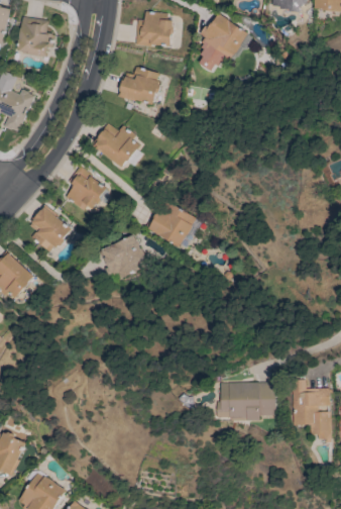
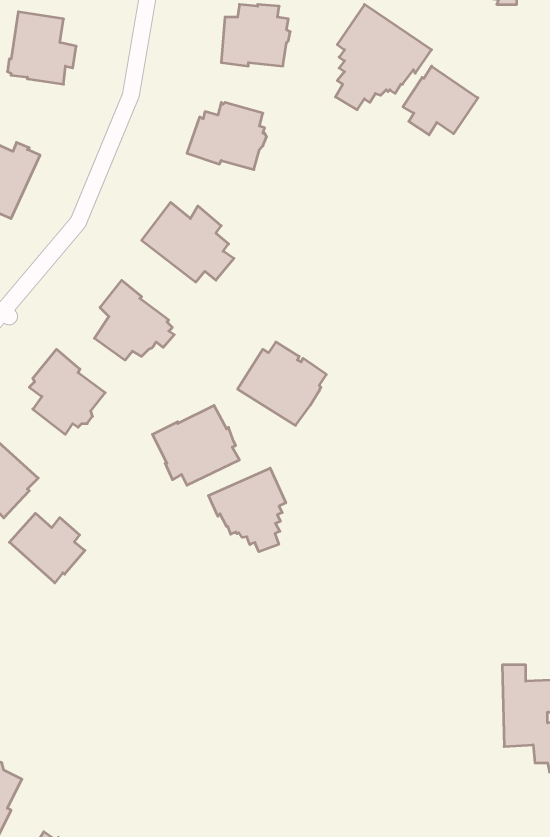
building: none -> [403,66,478,135]
building: none -> [208,468,286,552]
building: none -> [9,513,85,583]
building: [218,382,275,420] -> none

